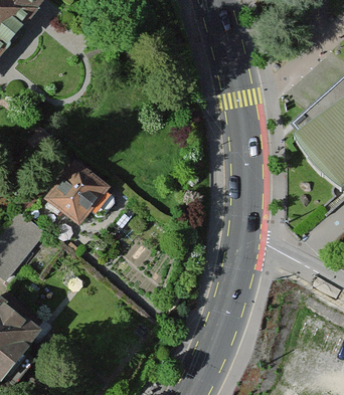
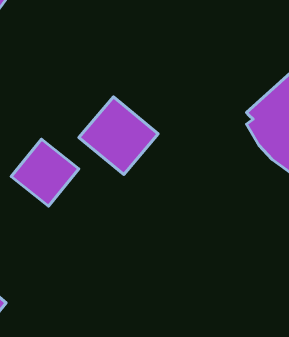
building: none -> [79,97,158,174]

